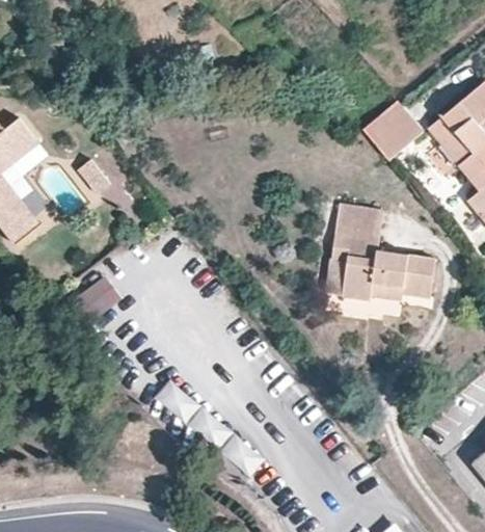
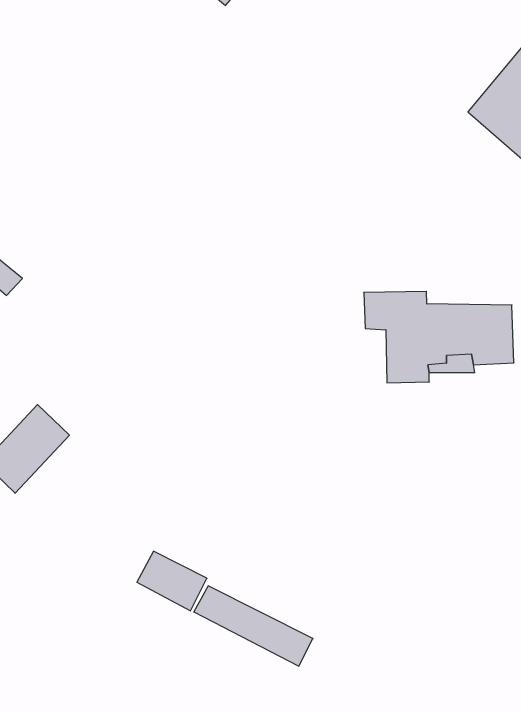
building: [361,100,423,160] -> none
building: [339,204,383,241] -> none

